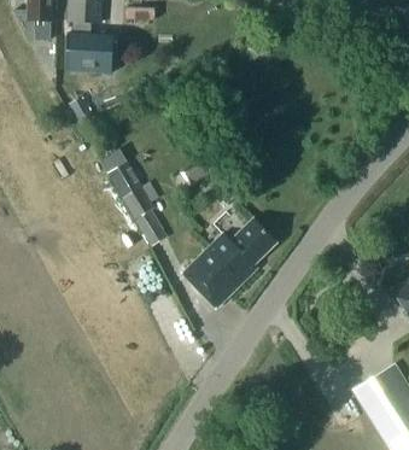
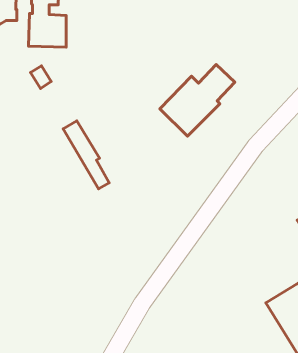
building: [183,220,275,308] -> [160,64,235,136]

